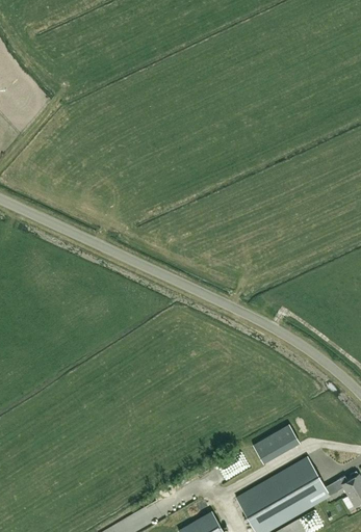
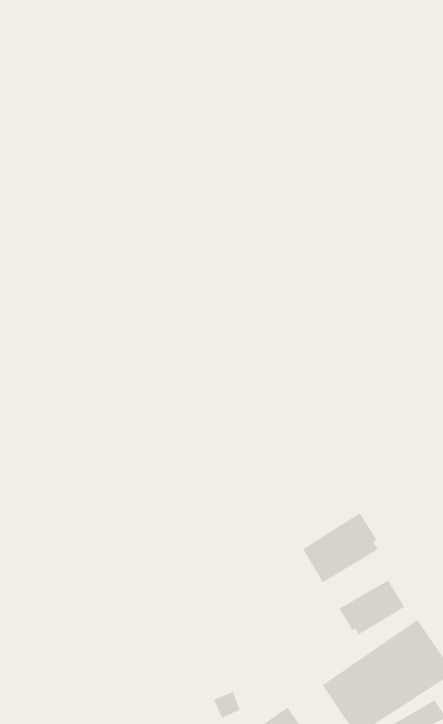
building: none -> [302,512,378,583]

